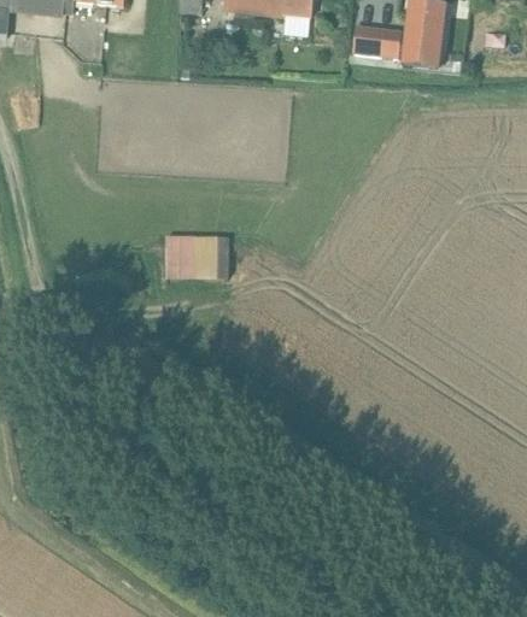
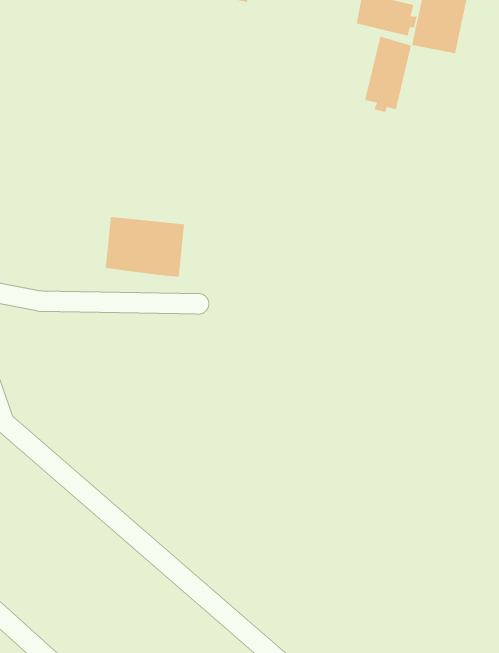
building: none -> [365,36,412,113]

